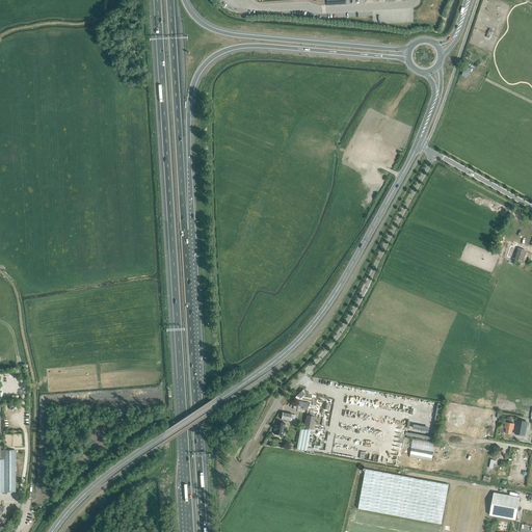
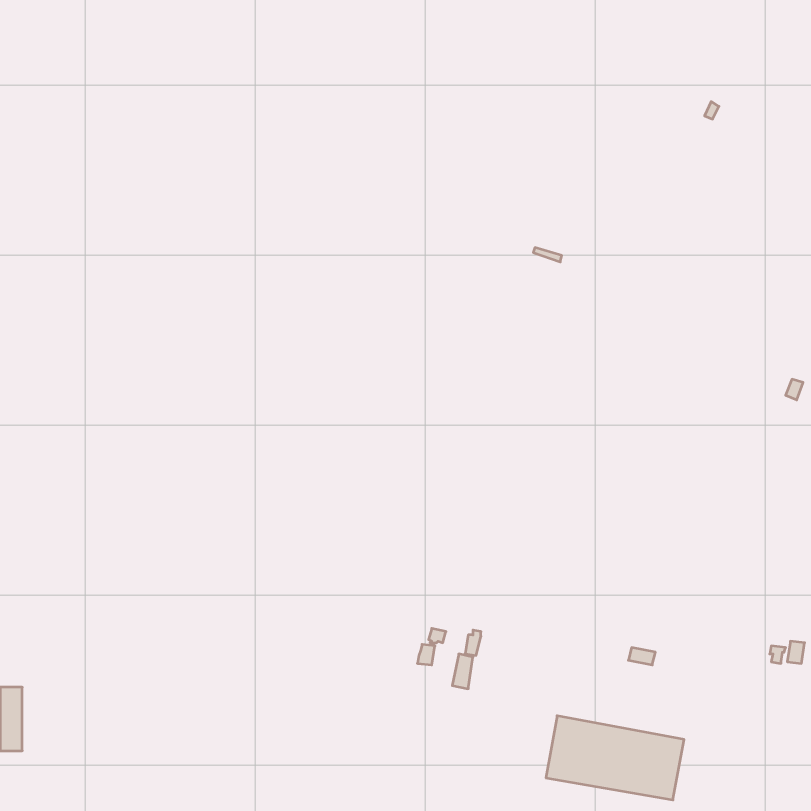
building: [489,493,520,520] -> none

